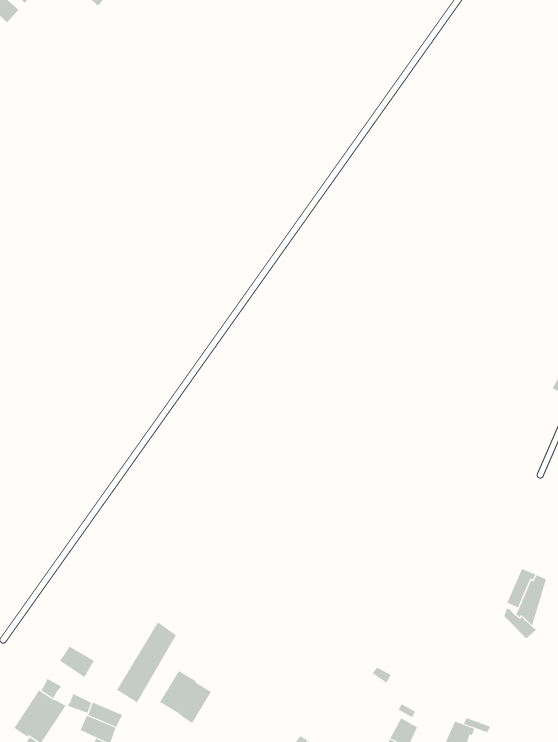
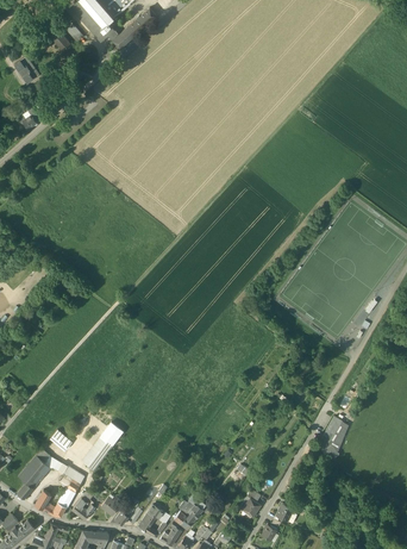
building: [159,670,212,724] -> none

